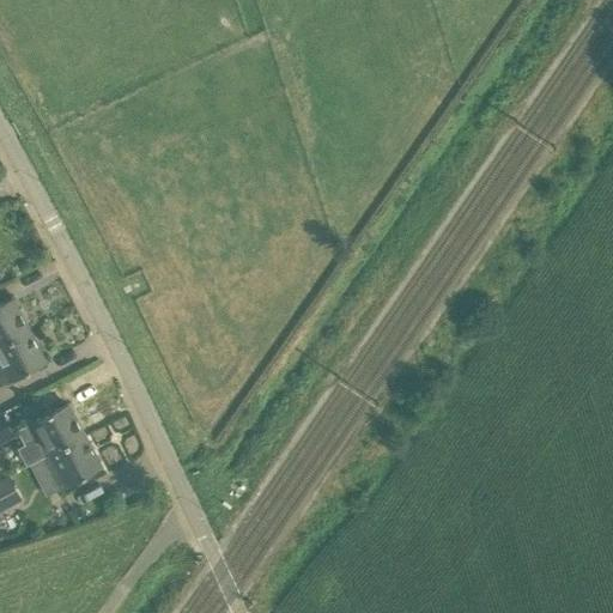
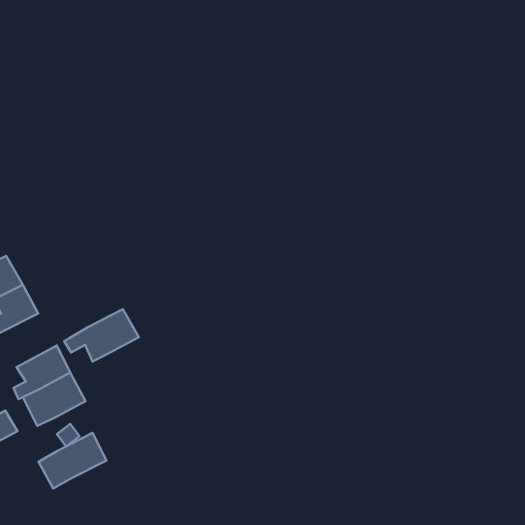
building: none -> [64,309,139,362]
building: none -> [39,433,107,488]

